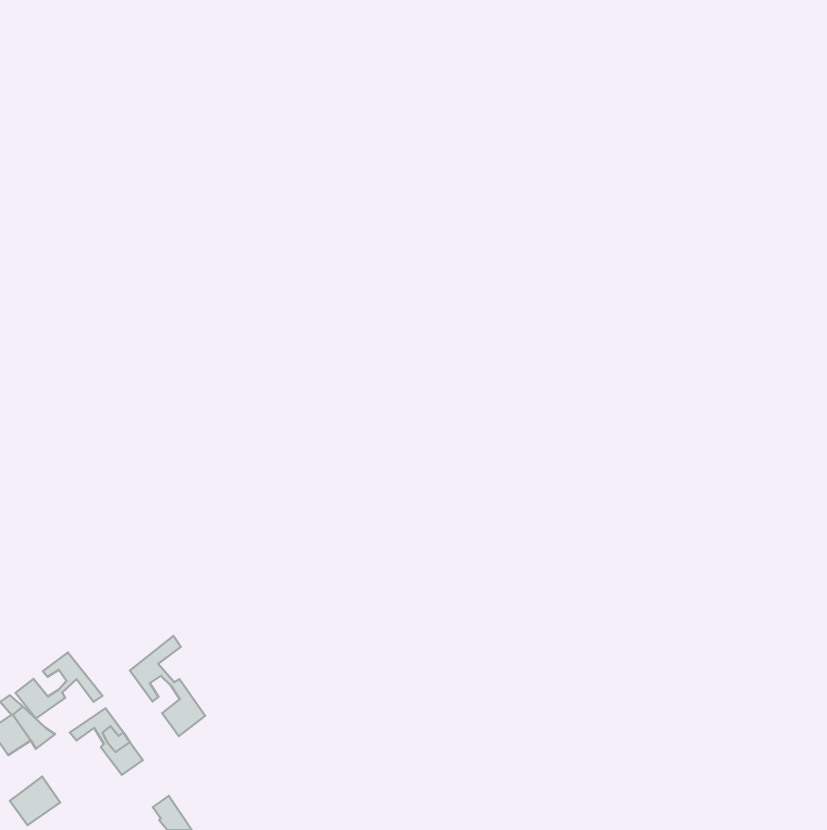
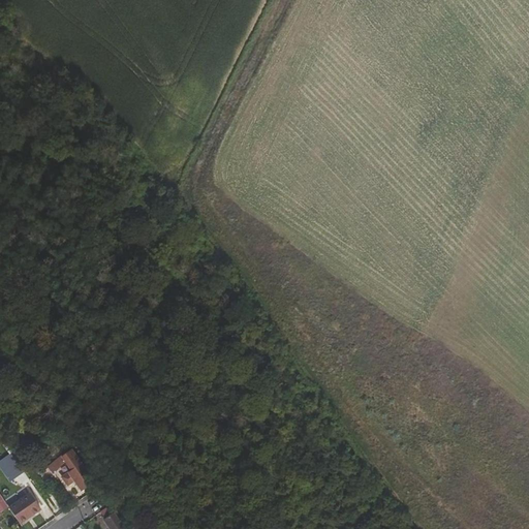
building: [130,636,205,736] -> none
building: [15,652,102,719] -> none

